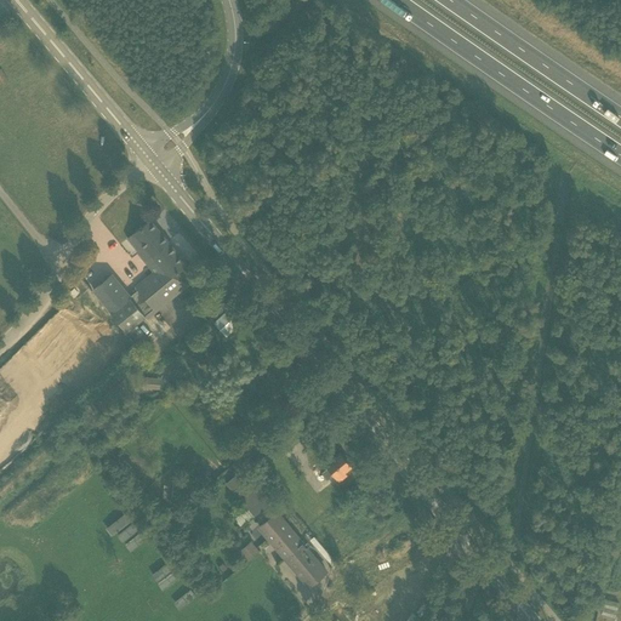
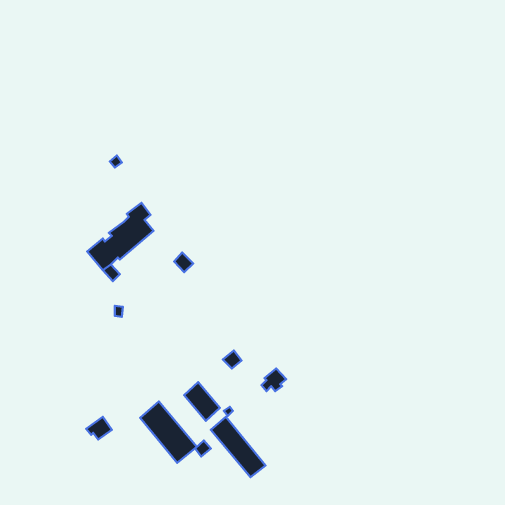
building: [133,220,173,272] -> none
building: [92,274,126,308] -> none
building: none -> [140,402,197,463]

